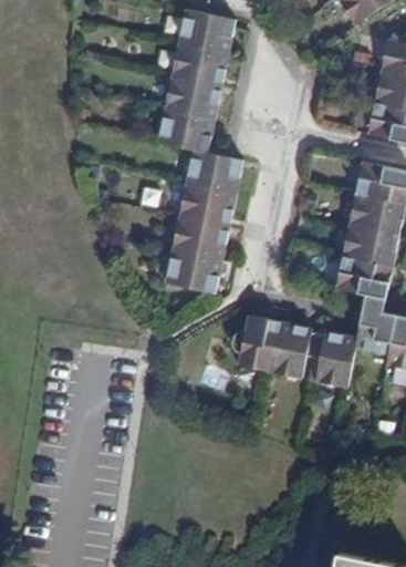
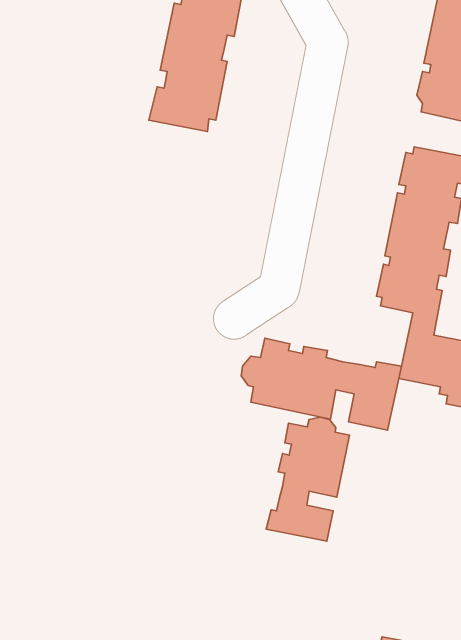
building: [165,148,241,291] -> none
building: none -> [266,417,349,541]

